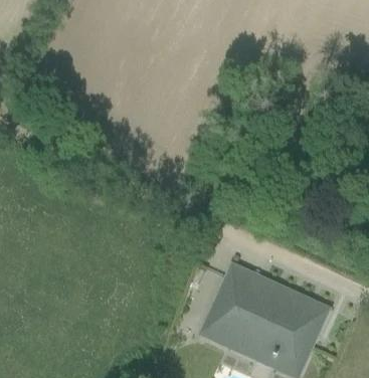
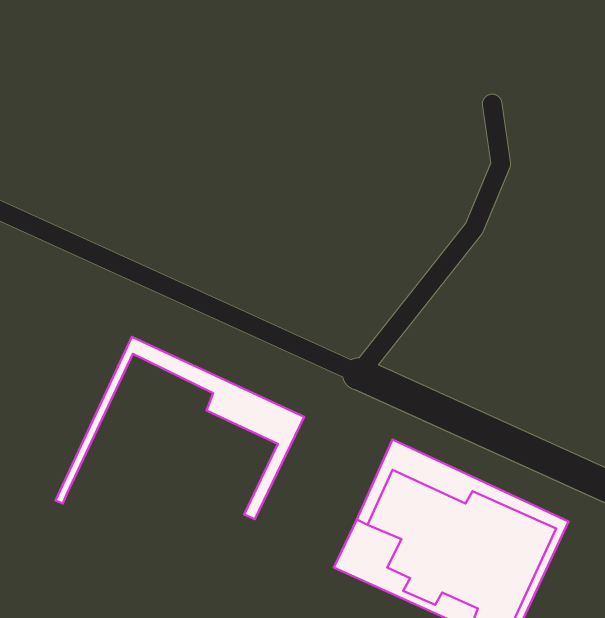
building: none -> [56,337,304,519]

